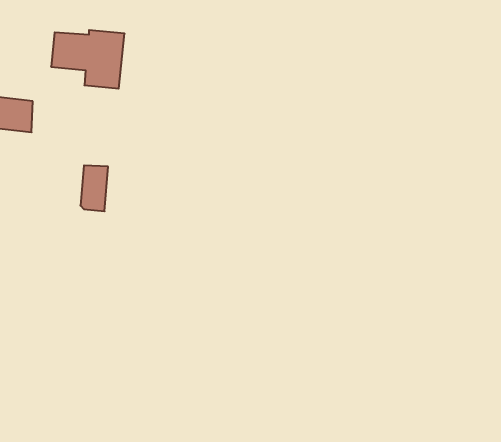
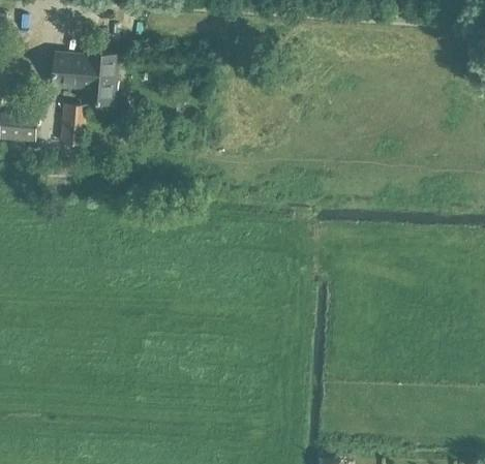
building: [80,165,108,211] -> [60,103,85,145]

